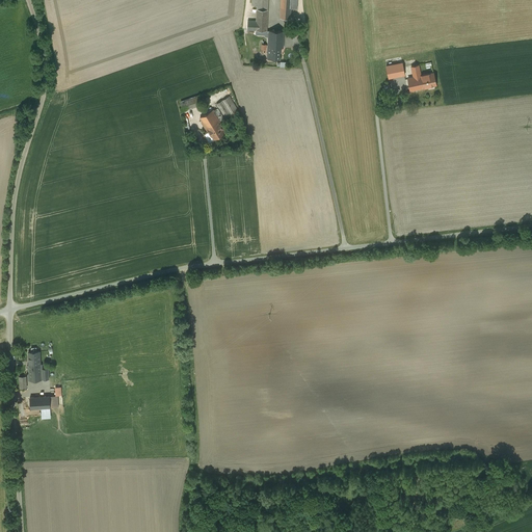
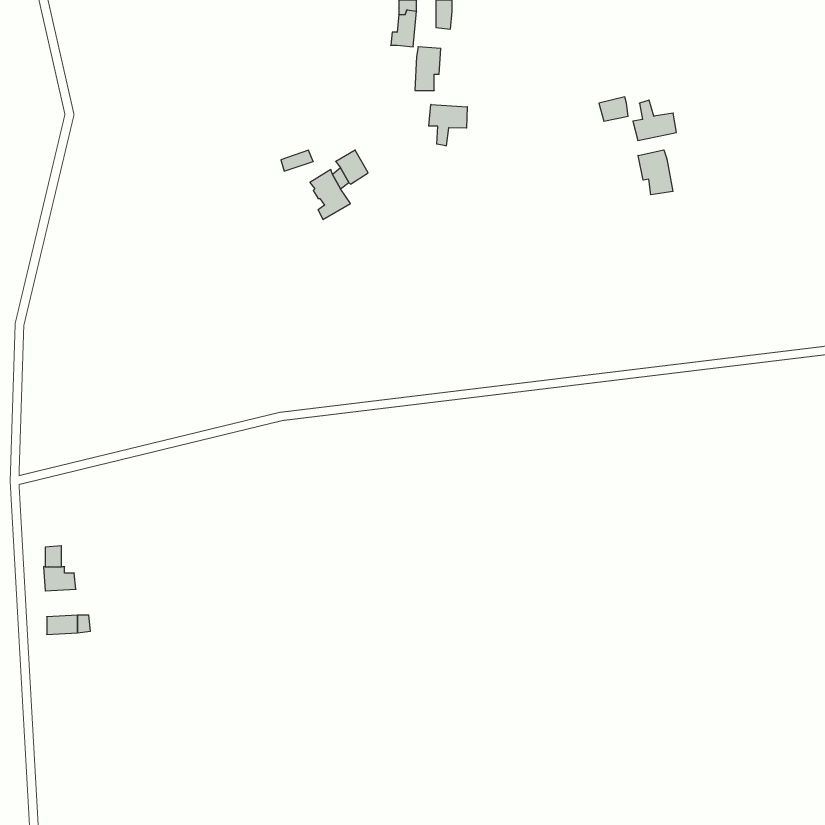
building: none -> [429,104,467,146]
building: none -> [638,150,673,195]

